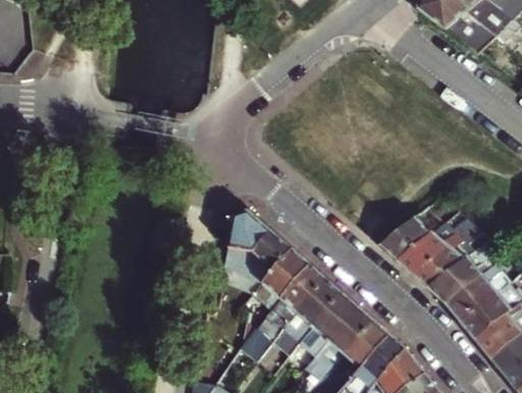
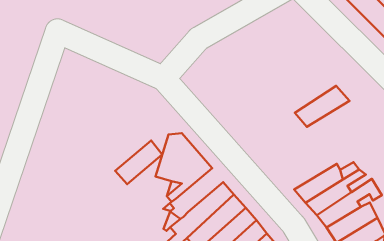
building: [380,204,446,260] -> [295,86,350,127]
building: [254,249,309,307] -> [115,141,162,184]

